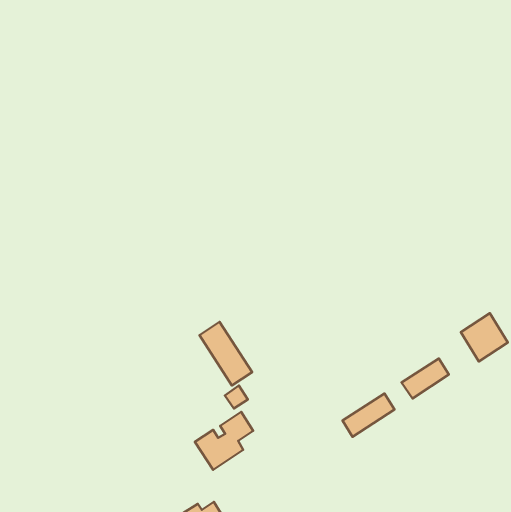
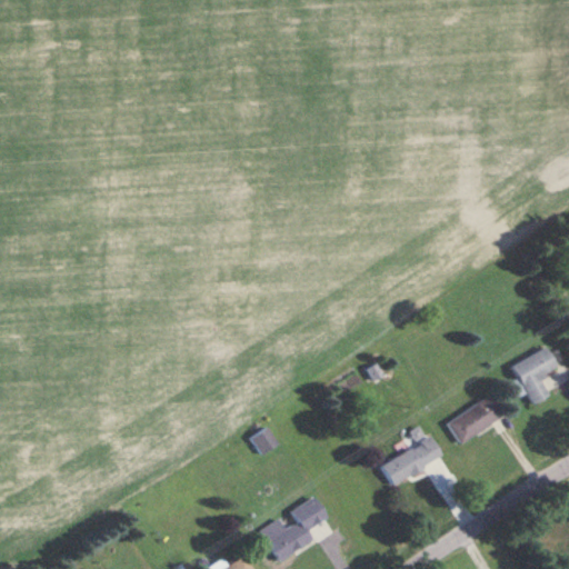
building: [199,322,252,385] -> none
building: [195,412,253,470] -> [260,498,325,562]

